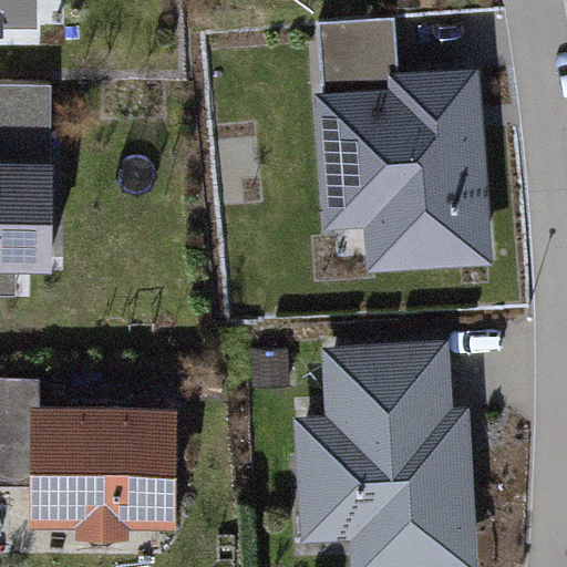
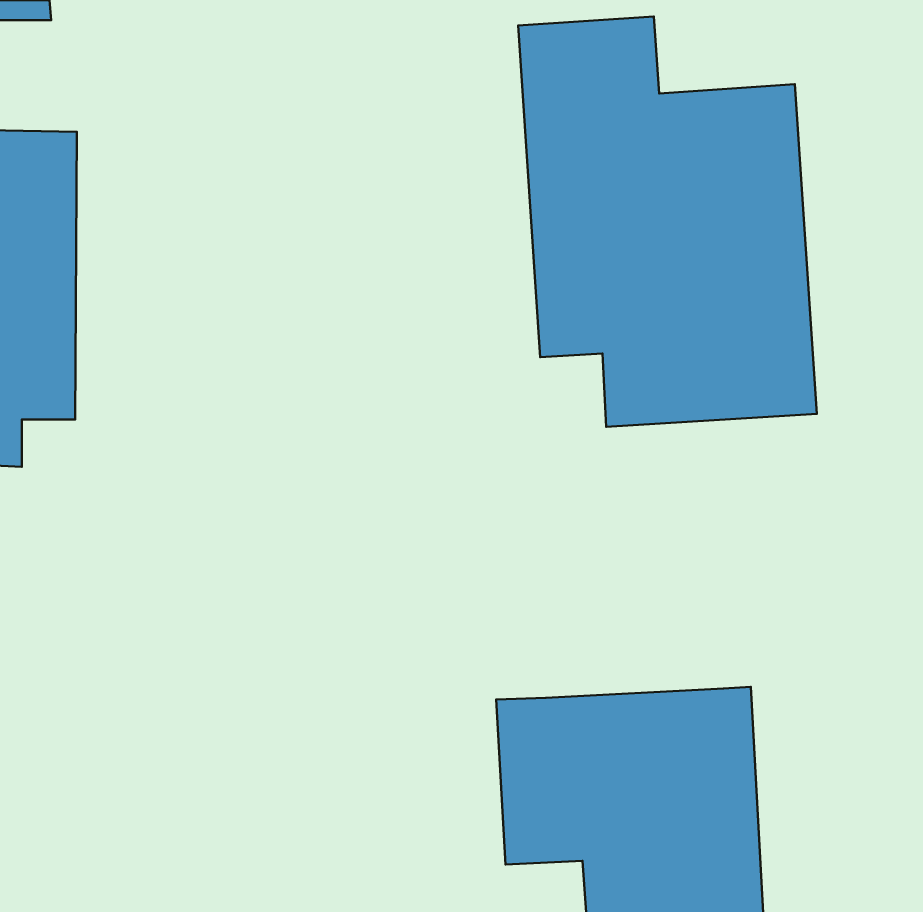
building: [326,353,437,436] -> none
building: [24,402,168,533] -> none

